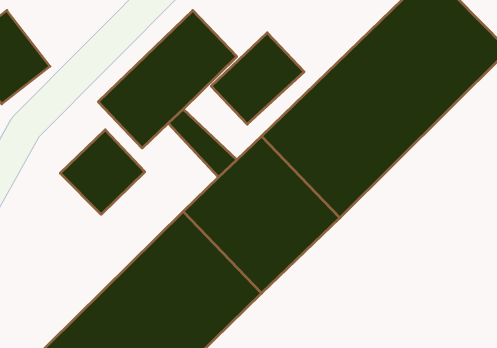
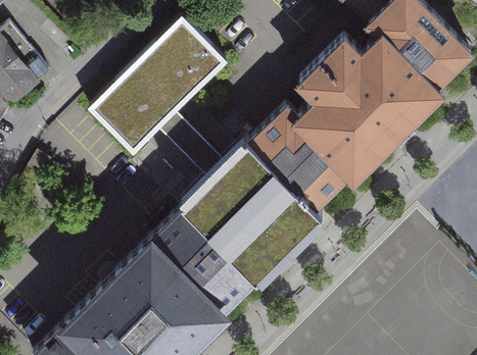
building: [211,33,304,124] -> none
building: [60,130,145,214] -> none

